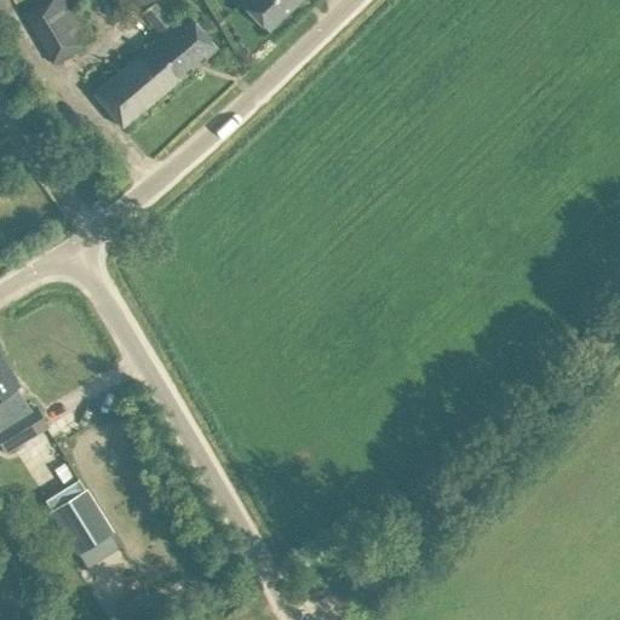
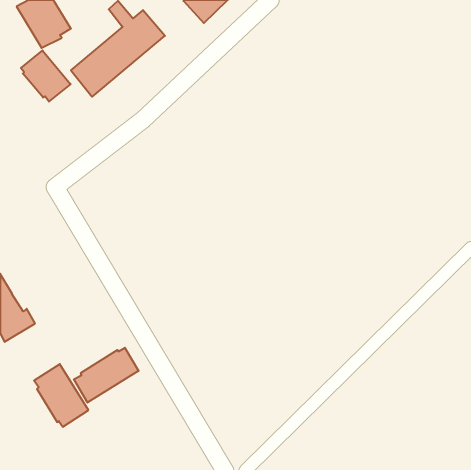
building: none -> [21,50,71,102]
building: none -> [74,348,139,403]

